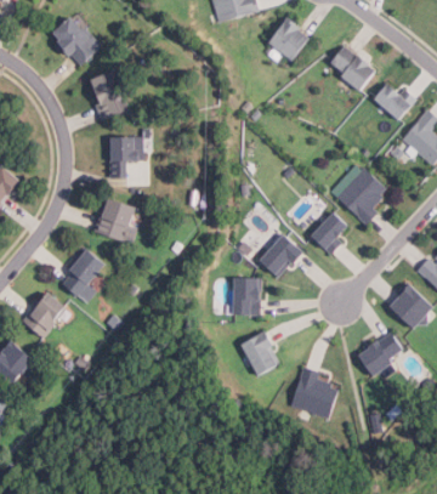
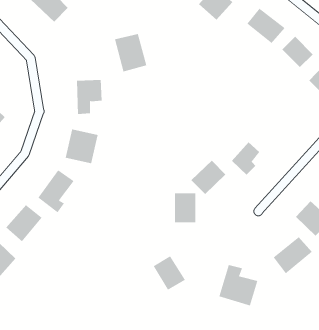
building: [90,70,131,119] -> [114,33,147,72]
building: [336,166,387,225] -> none
building: [242,331,283,375] -> [153,256,186,290]

